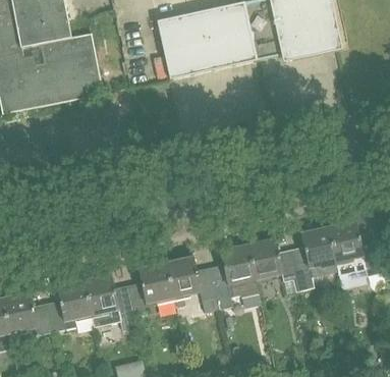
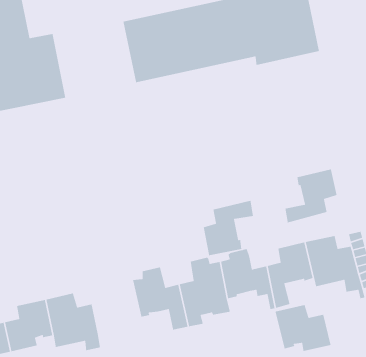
building: none -> [284,169,338,224]
building: none -> [203,200,254,256]
building: [127,260,173,315] -> none
building: none -> [274,304,332,352]

